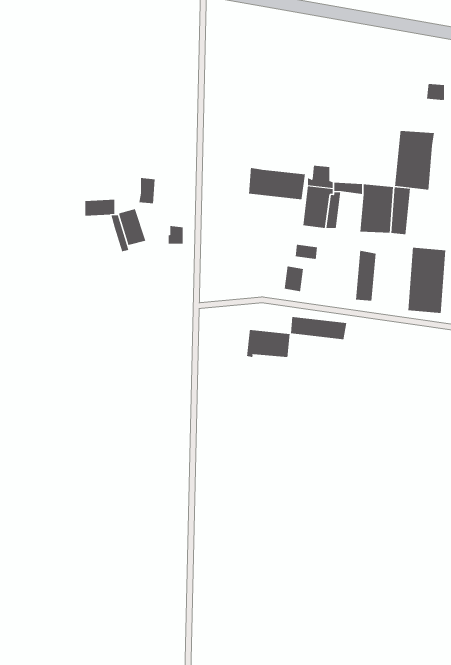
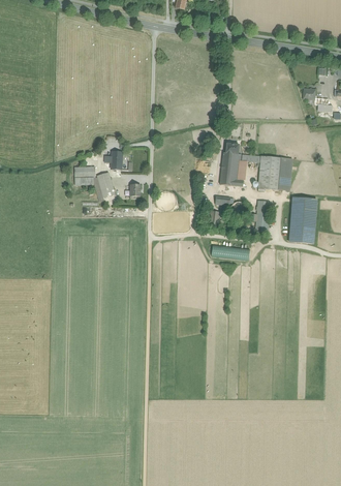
building: [395,130,435,191] -> none
building: [249,167,306,200] -> none
building: [246,329,290,358] -> none

